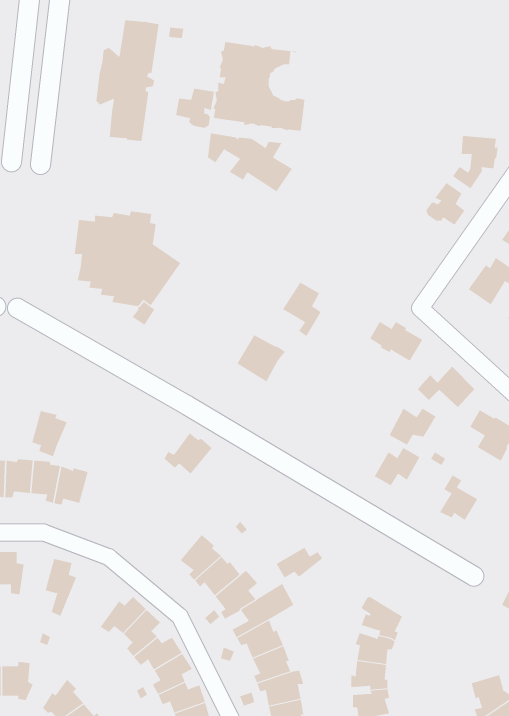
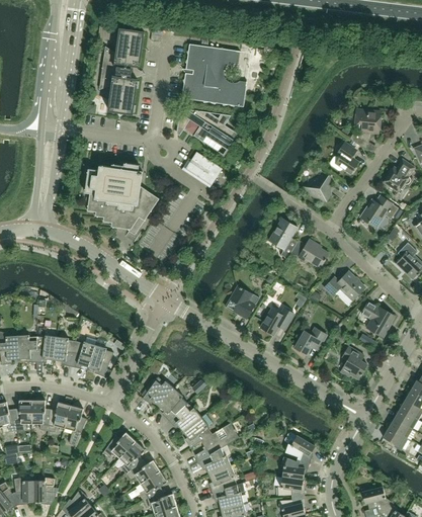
building: [175,88,215,128] -> none
building: none -> [185,152,222,185]
building: none -> [308,175,331,201]
building: [282,282,321,337] -> [269,221,297,259]
building: [237,334,286,382] -> [225,286,259,320]
building: [389,408,437,445] -> [260,309,293,335]
building: [31,411,68,457] -> [88,345,113,377]
building: [163,432,213,474] -> [139,377,173,407]
building: [276,547,323,578] -> none
building: none -> [47,403,70,432]

